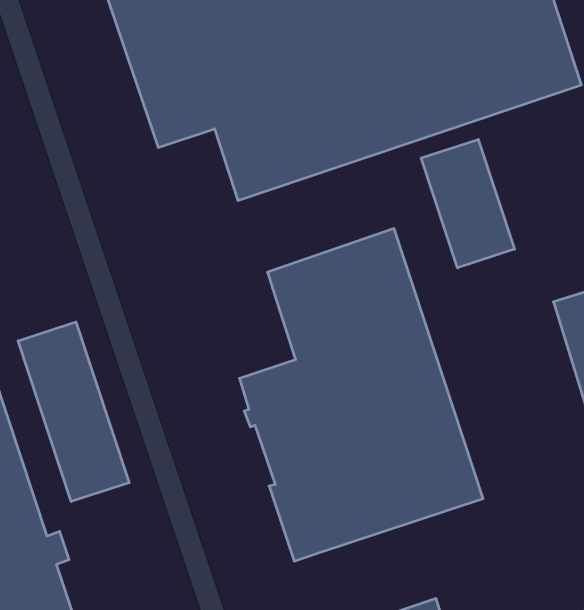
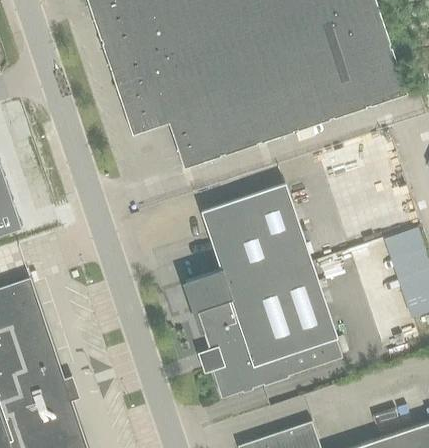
building: [421,139,515,268] -> none
building: [18,322,129,502] -> none

